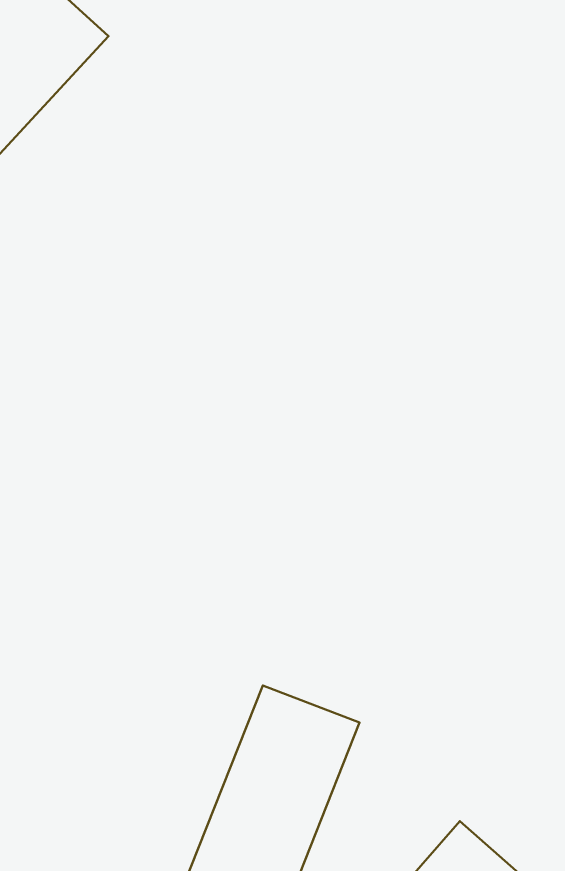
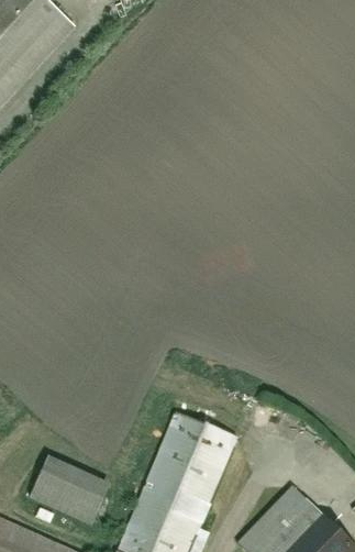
building: none -> [26,454,104,514]

